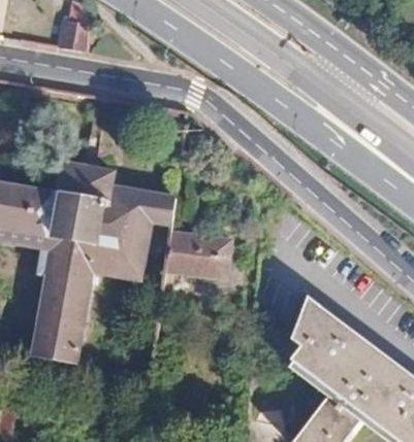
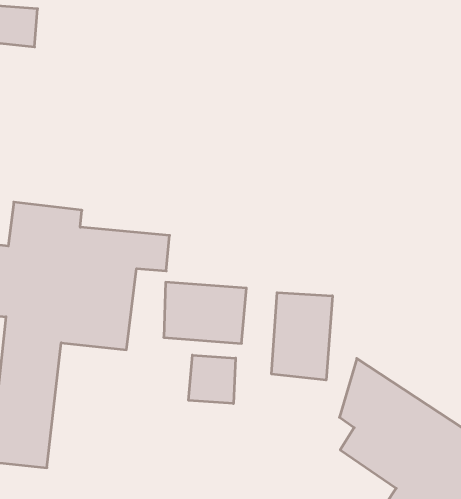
building: none -> [272,293,332,380]
building: none -> [189,355,236,404]

